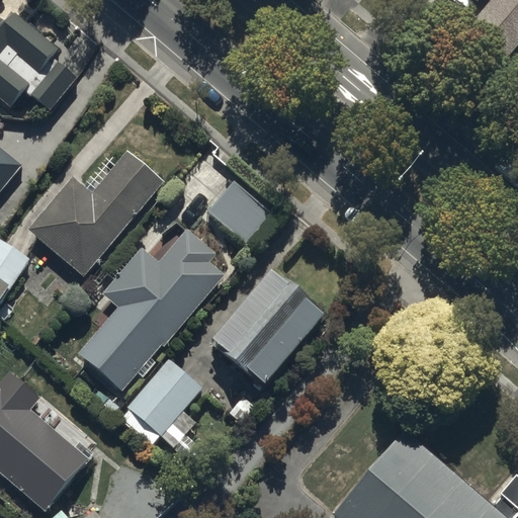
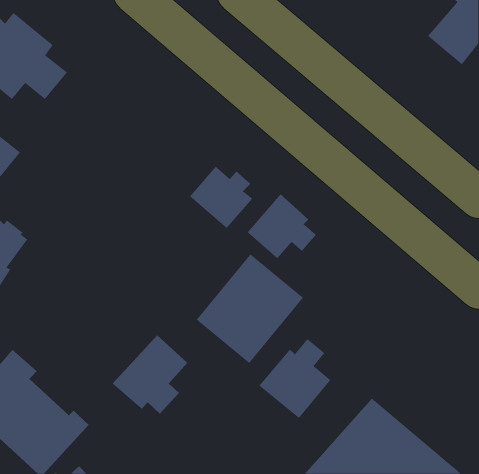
building: [26,150,166,277] -> none
building: none -> [247,193,317,259]
building: [78,228,224,391] -> none
building: none -> [258,338,331,419]

